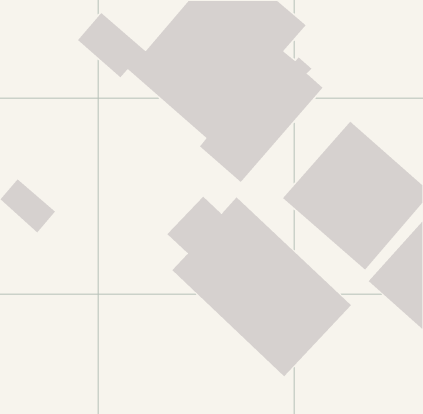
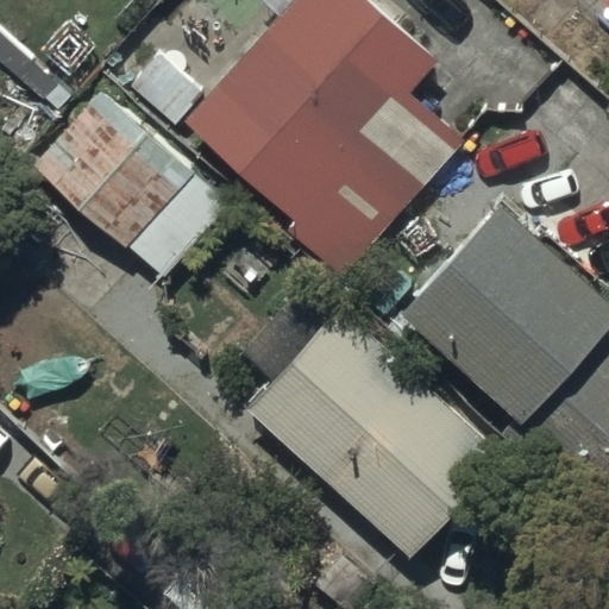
building: none -> [30,89,228,282]

